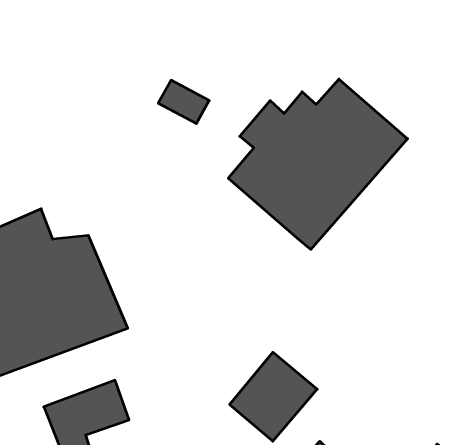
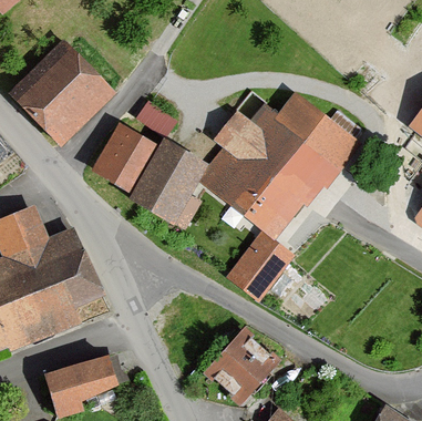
building: none -> [8,40,116,147]
building: none -> [88,123,206,224]
building: none -> [227,229,294,300]

